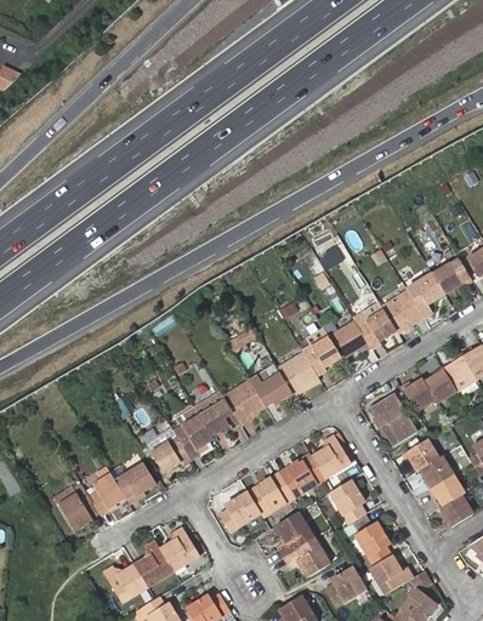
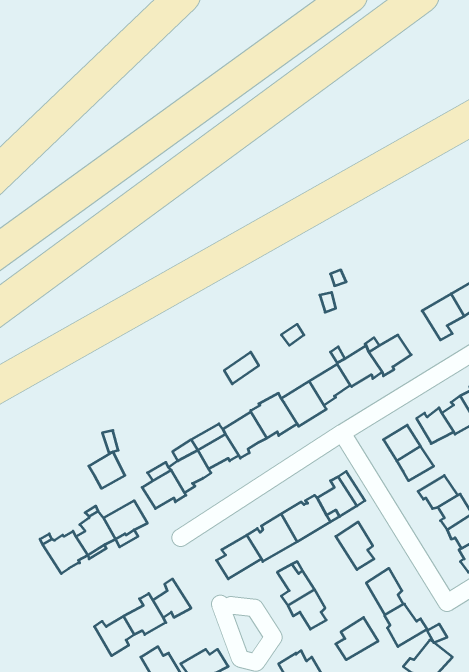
building: [381,289,424,330] -> none
building: none -> [89,452,125,488]

